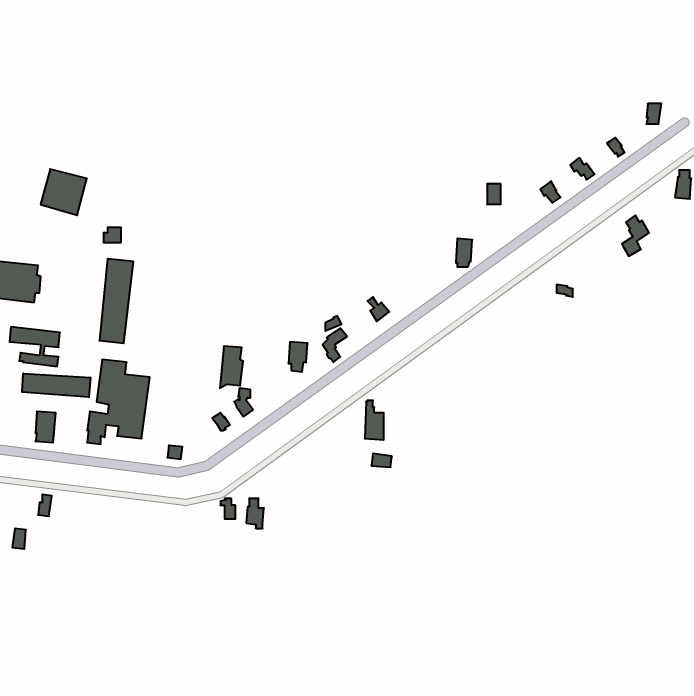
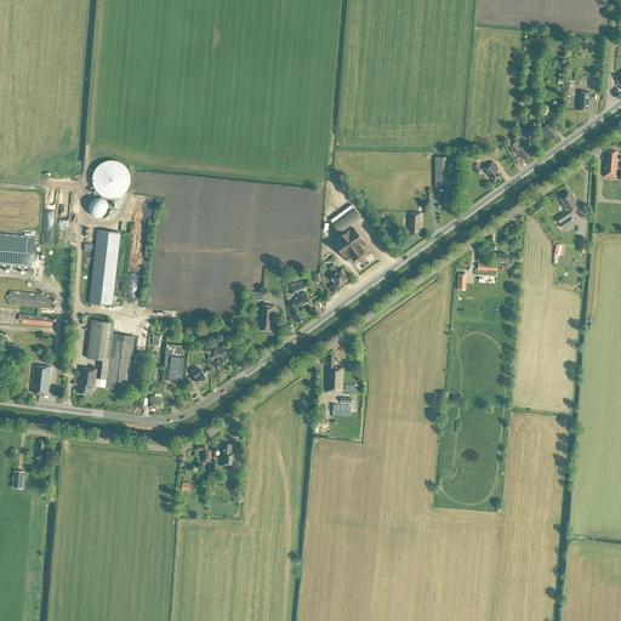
building: [41,169,87,215] -> [92,158,133,199]
building: none -> [329,205,364,261]
building: [220,346,243,388] -> [161,344,182,382]
building: [22,373,90,397] -> none

